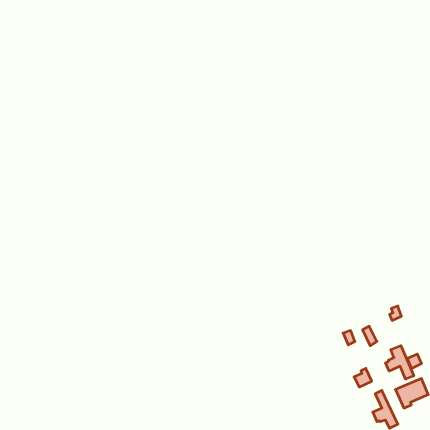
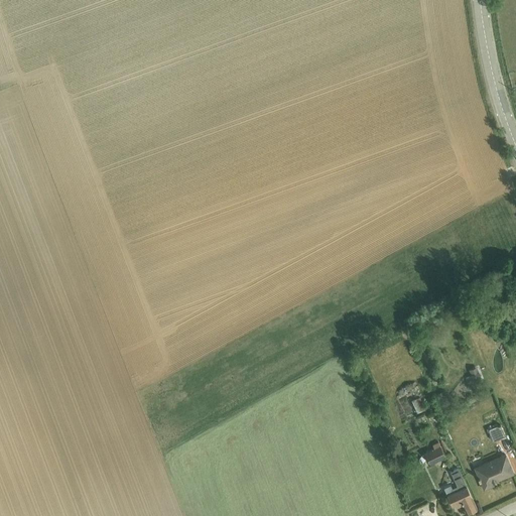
building: [386,346,414,379] -> none

